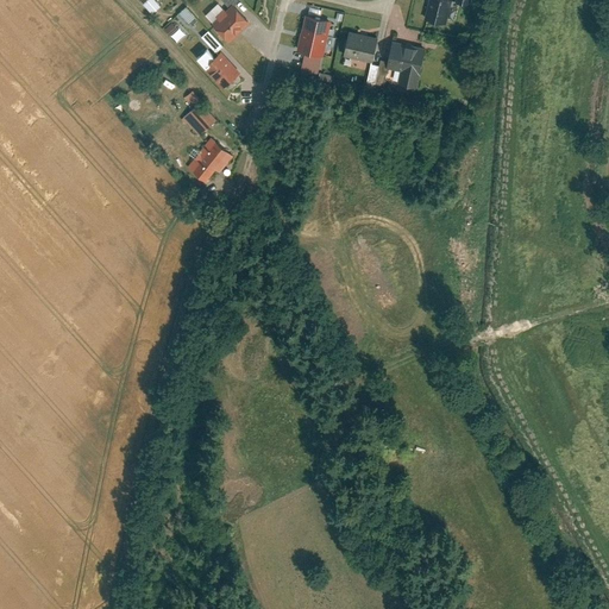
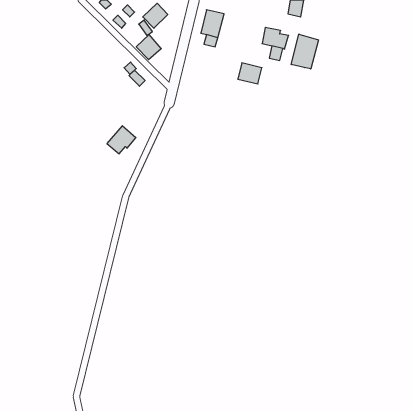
building: [343,32,378,63] -> [238,63,262,84]
building: none -> [291,34,319,69]
building: [189,139,232,181] -> [107,126,136,154]

